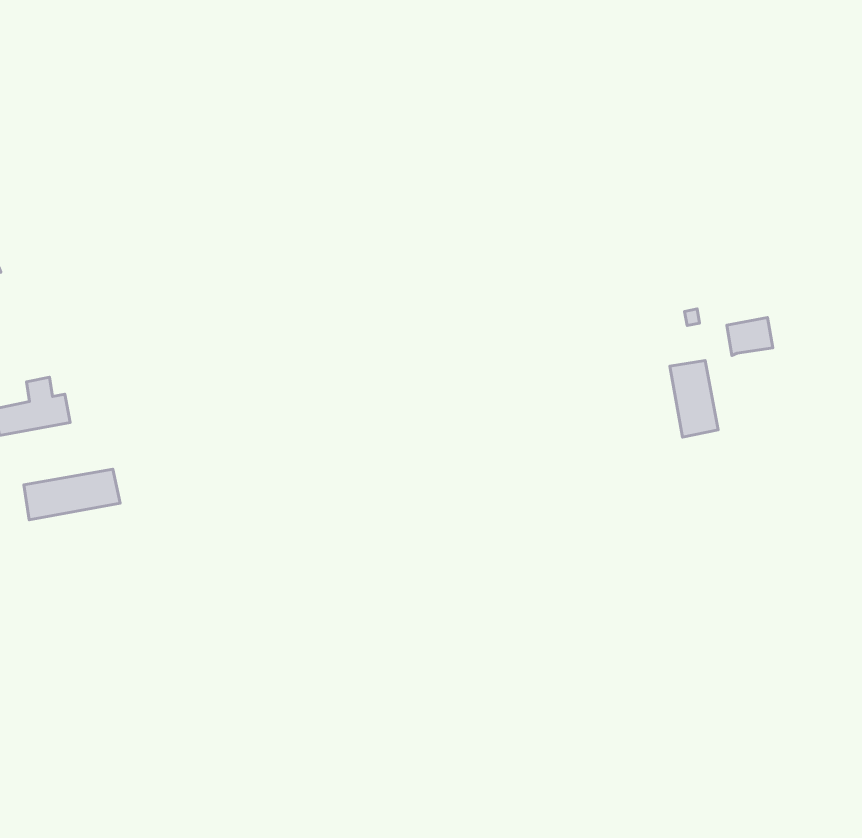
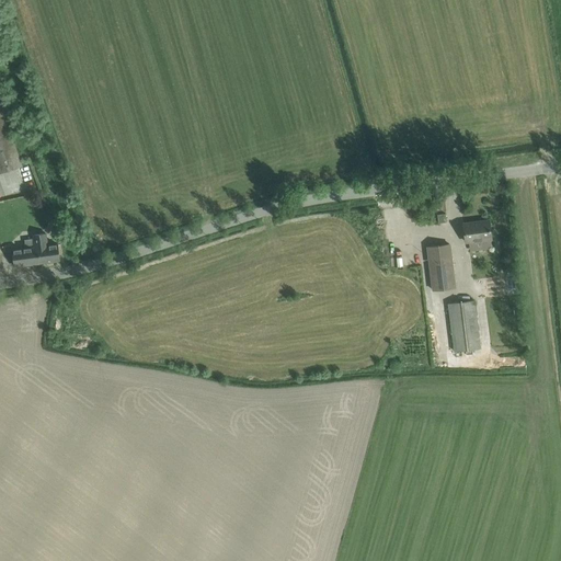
building: none -> [445,300,480,352]
building: [24,469,120,520] -> none

